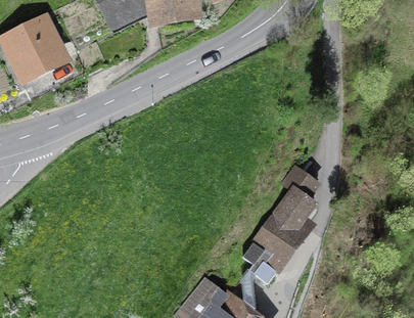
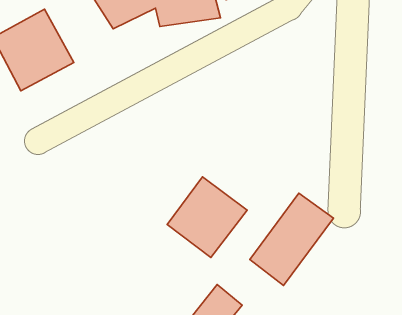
building: none -> [167,177,247,258]

